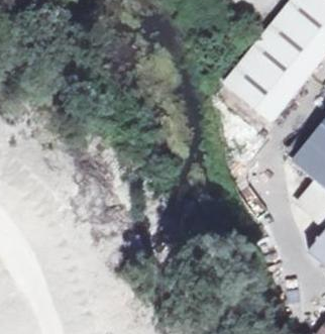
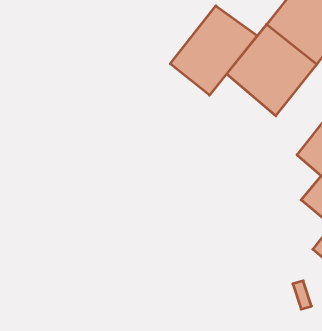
building: none -> [170,6,257,95]

